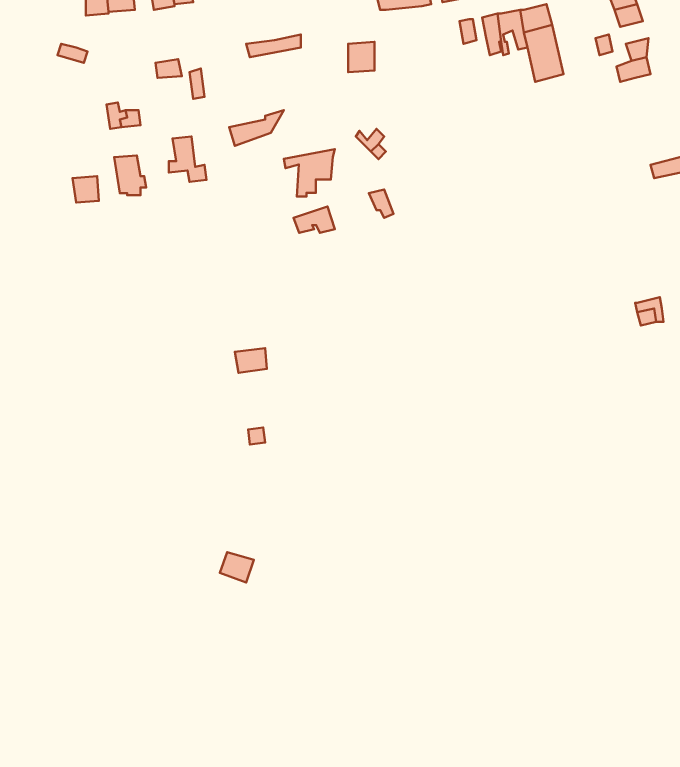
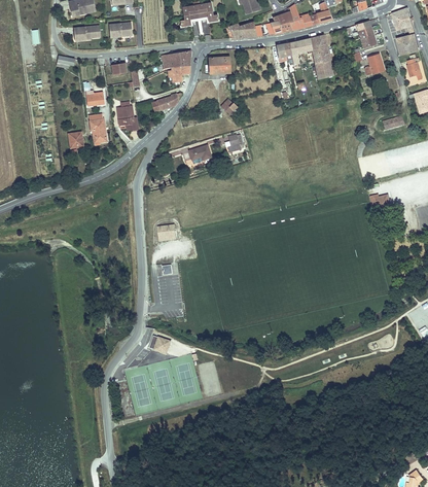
building: [284,149,335,196] -> [163,59,190,84]

